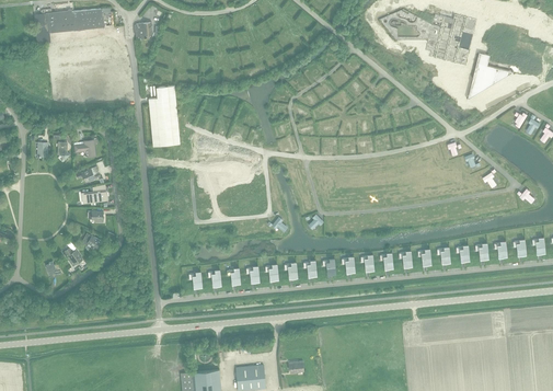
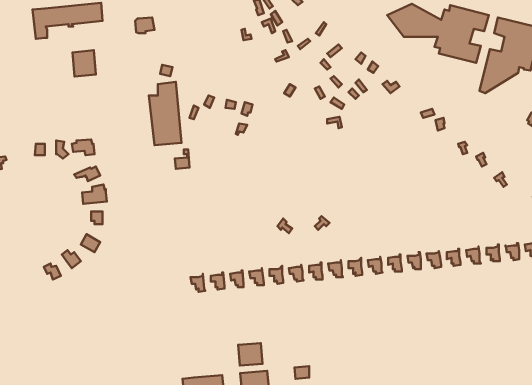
building: none -> [72,50,96,77]
building: none -> [238,343,263,366]

